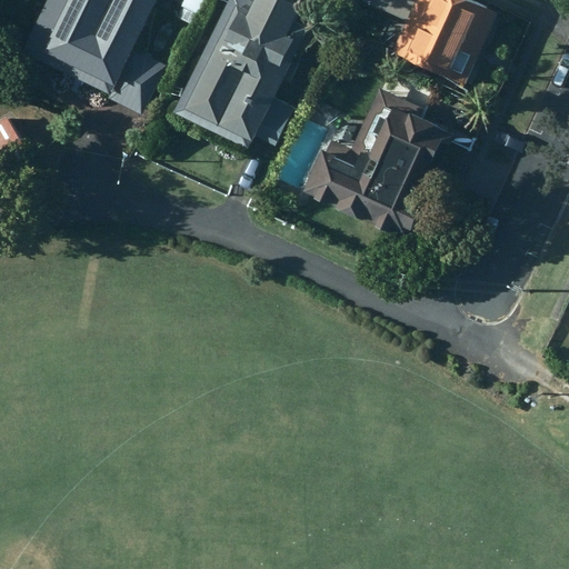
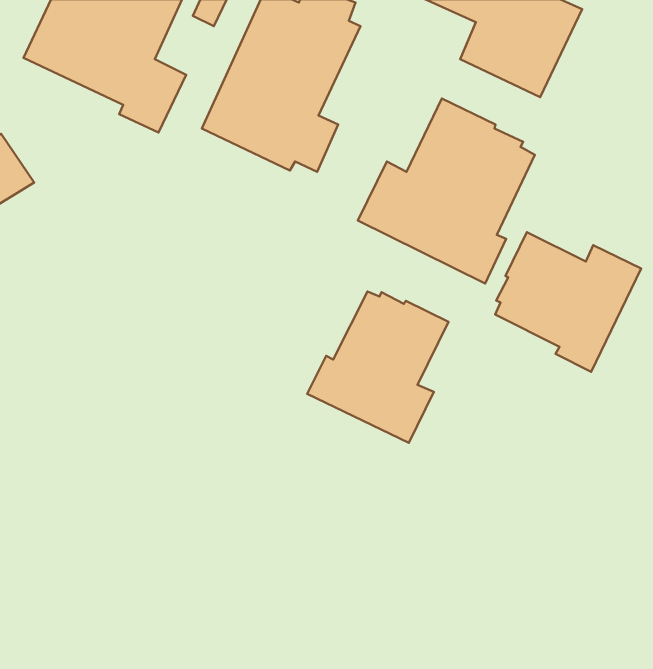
building: none -> [495,232,641,372]
building: none -> [307,291,449,443]

